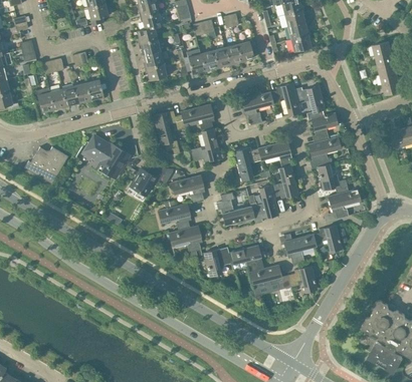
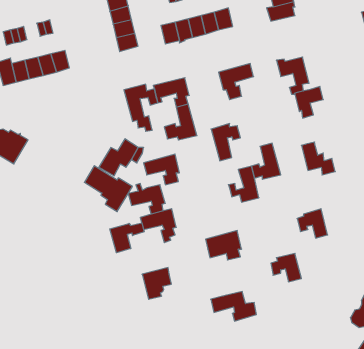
building: [269,83,299,115] -> none
building: [84,135,129,177] -> [84,166,132,212]
building: [307,136,340,165] -> none
building: [257,140,290,166] -> none
building: [328,188,360,219] -> none
building: [220,192,253,225] -> none
building: [283,234,316,264] -> none
building: none -> [110,223,144,253]
building: [203,247,230,276] -> [142,268,171,299]
building: [248,265,290,292] -> [211,292,256,321]

